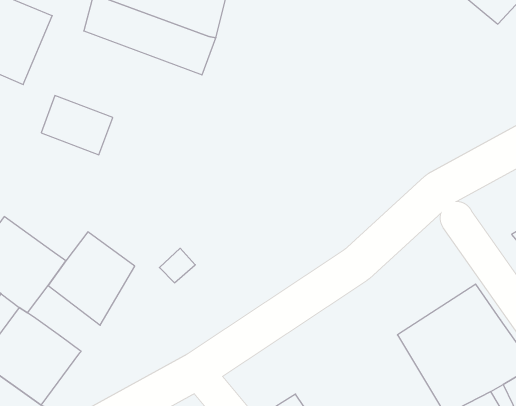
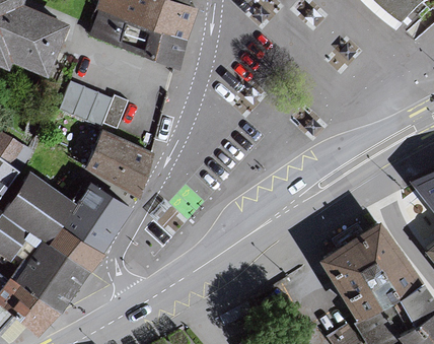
building: none -> [86,131,154,197]
building: none -> [49,223,102,272]

